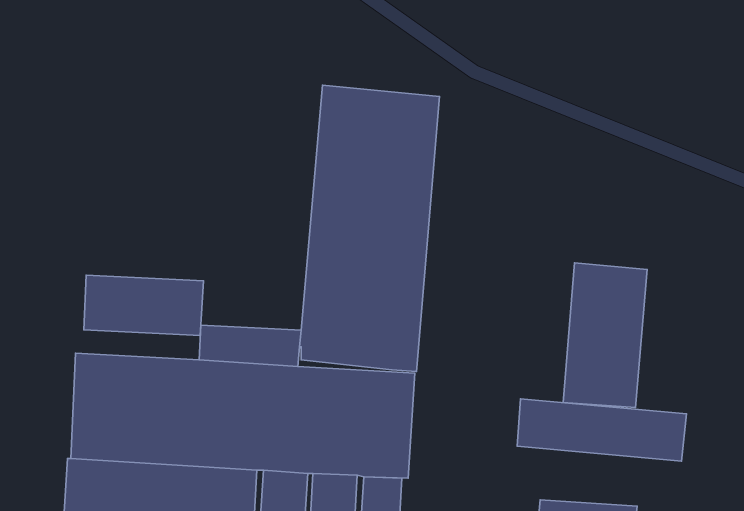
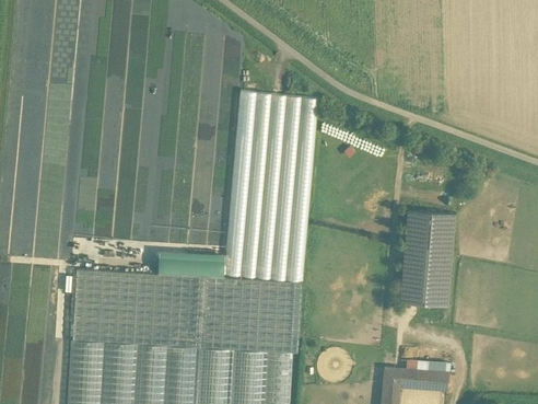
building: [84,275,204,336] -> none
building: [517,399,686,461] -> none

